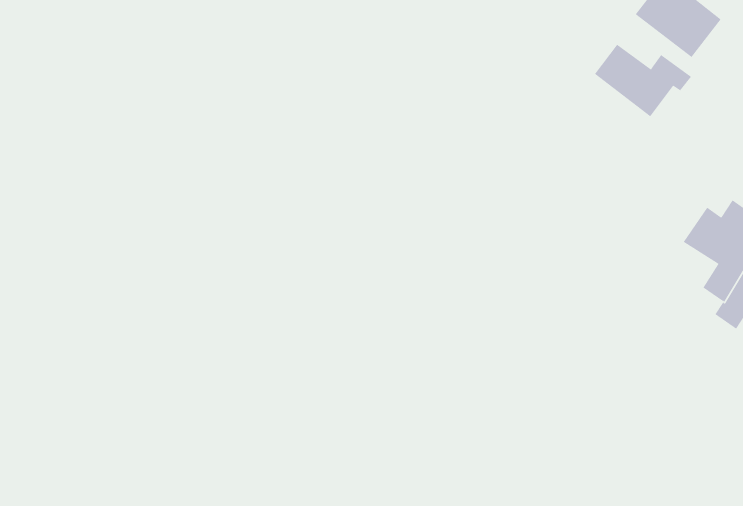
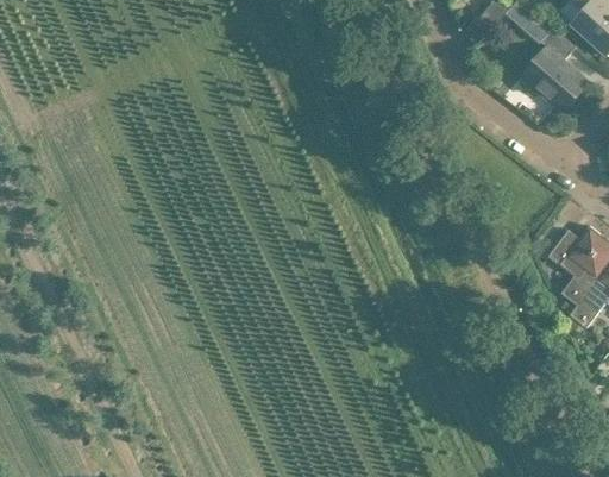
building: [594,44,692,117] -> none

